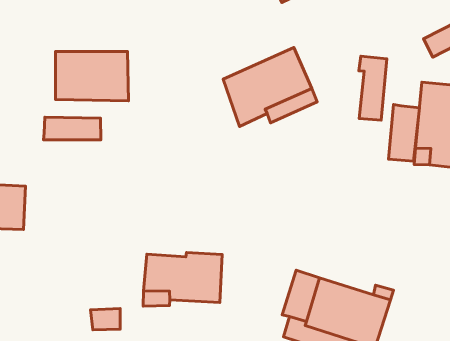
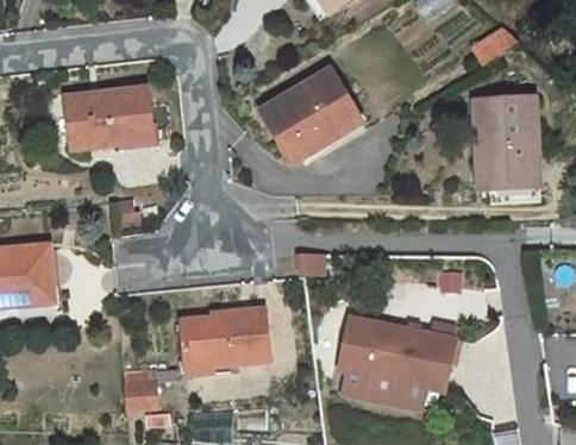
building: [359,56,387,120] -> none
building: [388,104,419,161] -> none
building: [44,117,101,140] -> none

